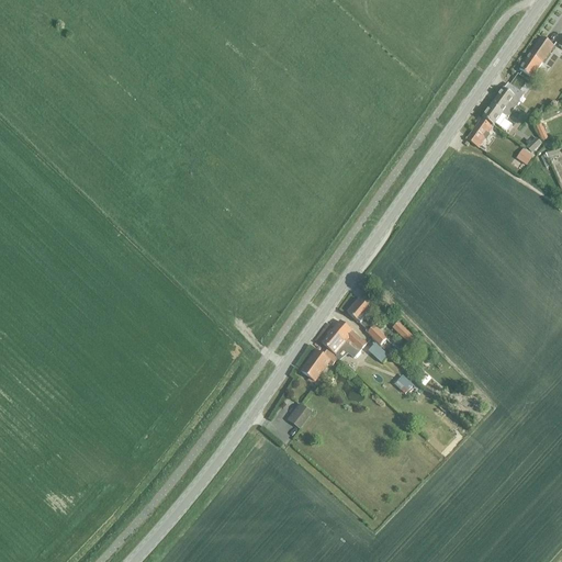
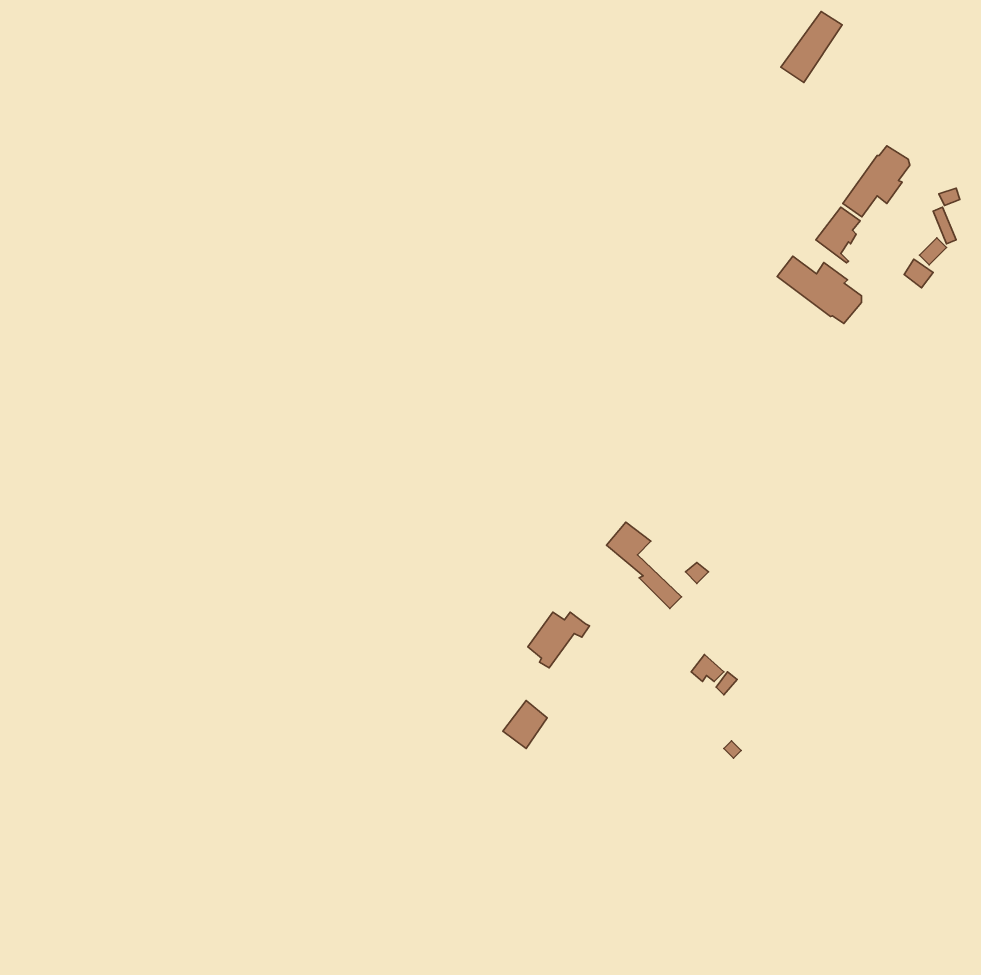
building: [518,36,553,77] -> [781,12,842,83]
building: none -> [777,256,862,323]
building: [322,319,366,357] -> none

